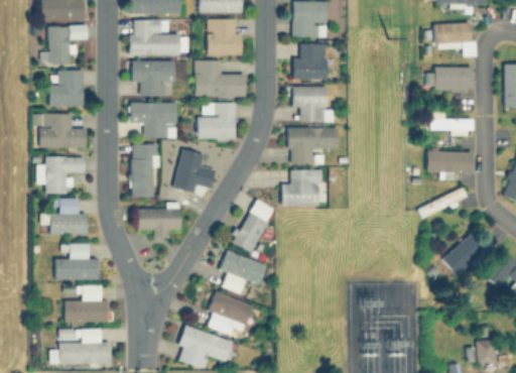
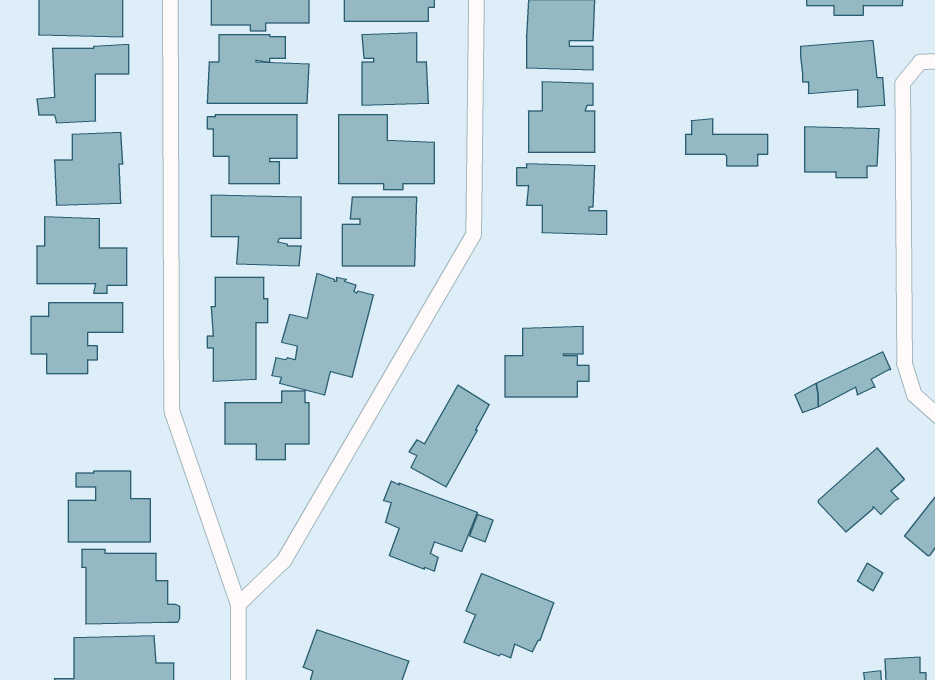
building: [430,111,473,135] -> [685,119,768,166]
building: [287,125,338,163] -> none
building: [426,151,474,179] -> none
building: [40,199,88,235] -> none
building: [207,291,253,335] -> [464,574,554,658]

